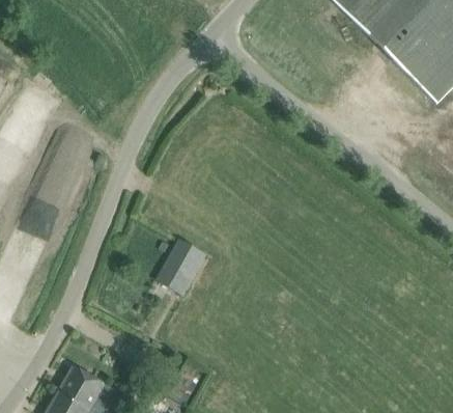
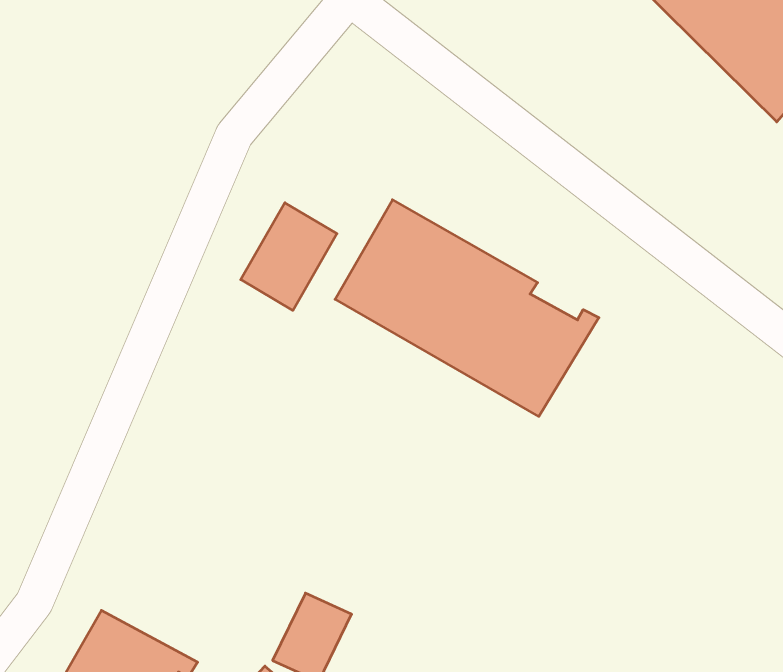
building: none -> [335,200,599,416]
building: [154,239,206,297] -> [241,203,337,310]

